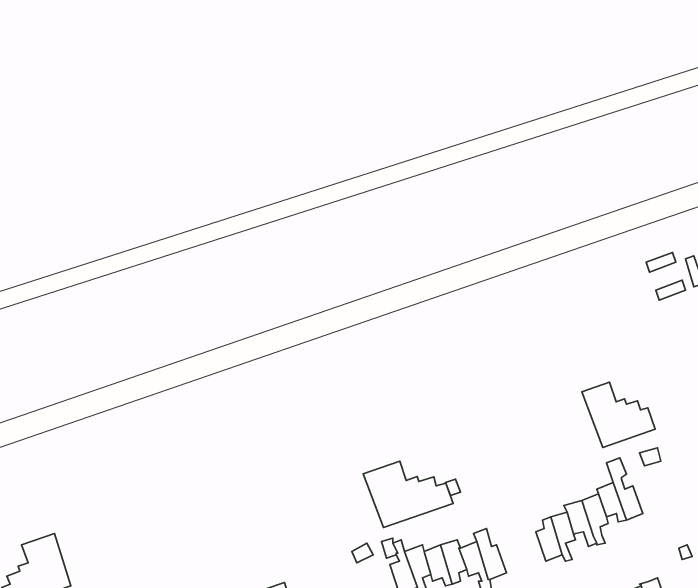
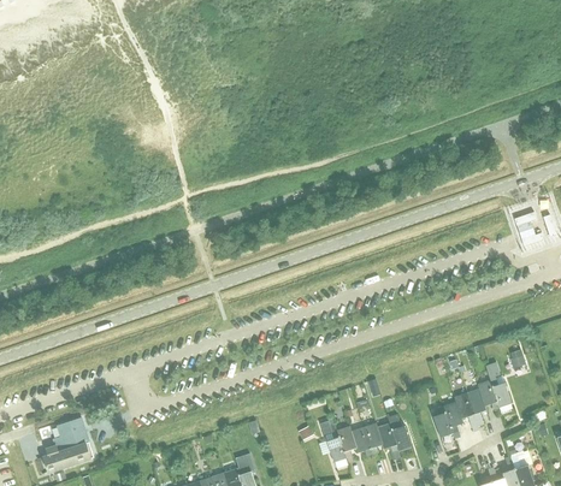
building: [582,382,655,448] -> none
building: [363,461,453,528] -> none

